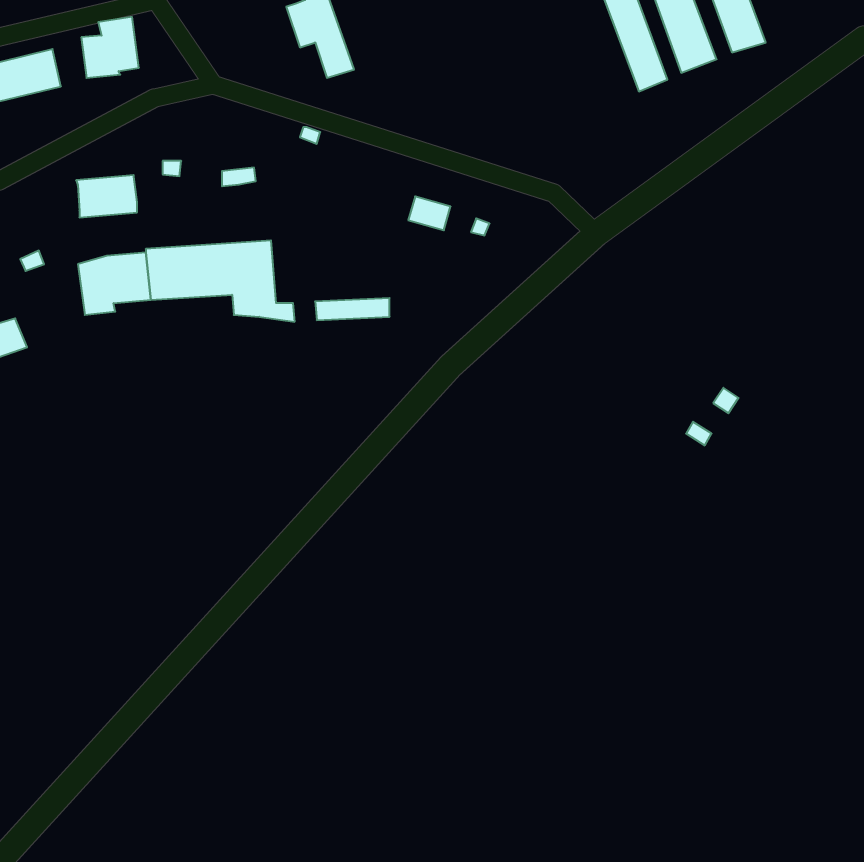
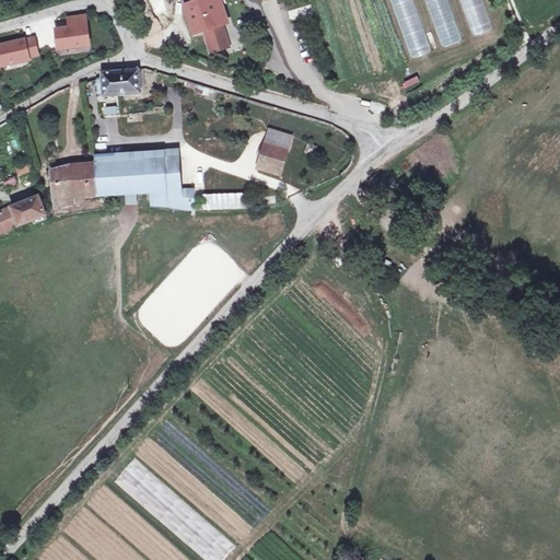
building: [76,175,137,217] -> [101,68,140,95]
building: none -> [257,142,287,173]
building: none -> [10,195,45,224]

